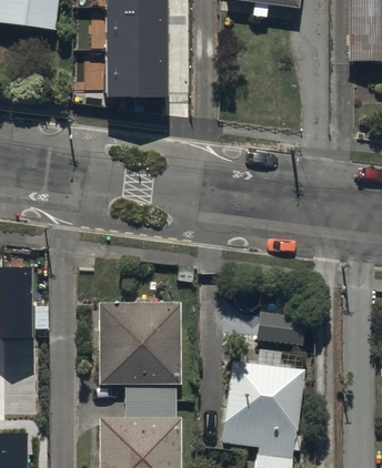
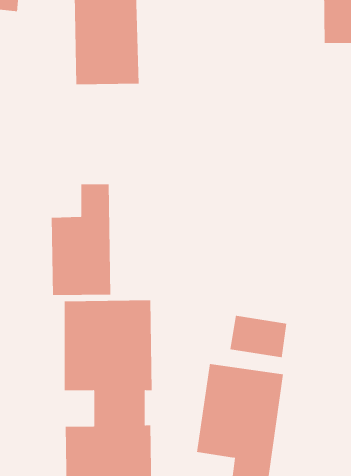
building: none -> [51,184,111,296]

